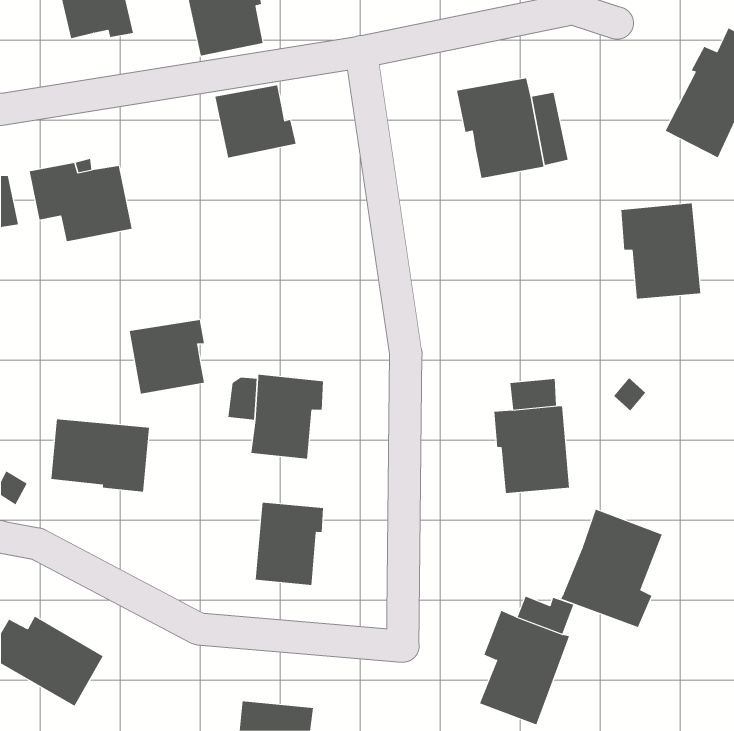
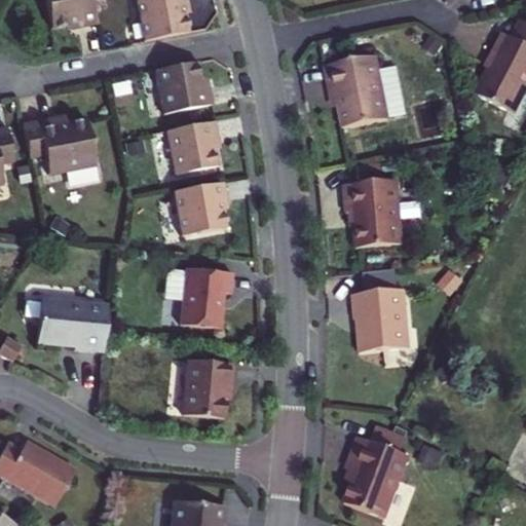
building: none -> [166,120,219,174]
building: [620,203,701,299] -> [345,180,403,249]
building: [129,319,205,394] -> [173,182,227,235]
building: [561,509,663,628] -> none

